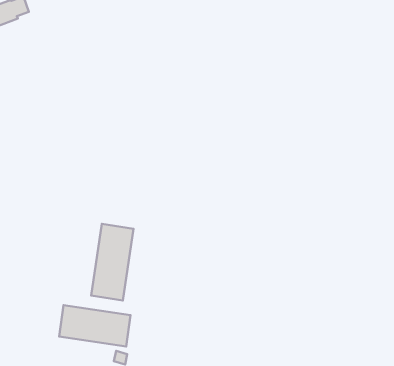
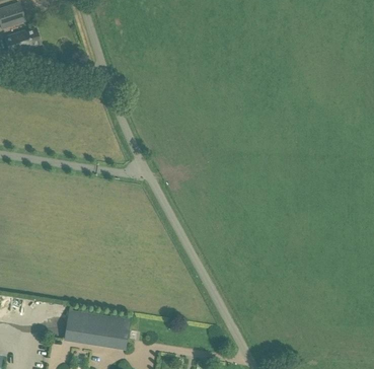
building: [91,224,134,301] -> none

